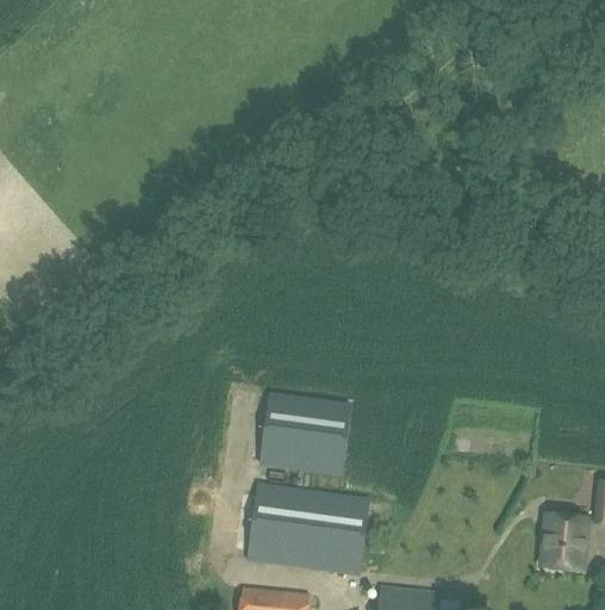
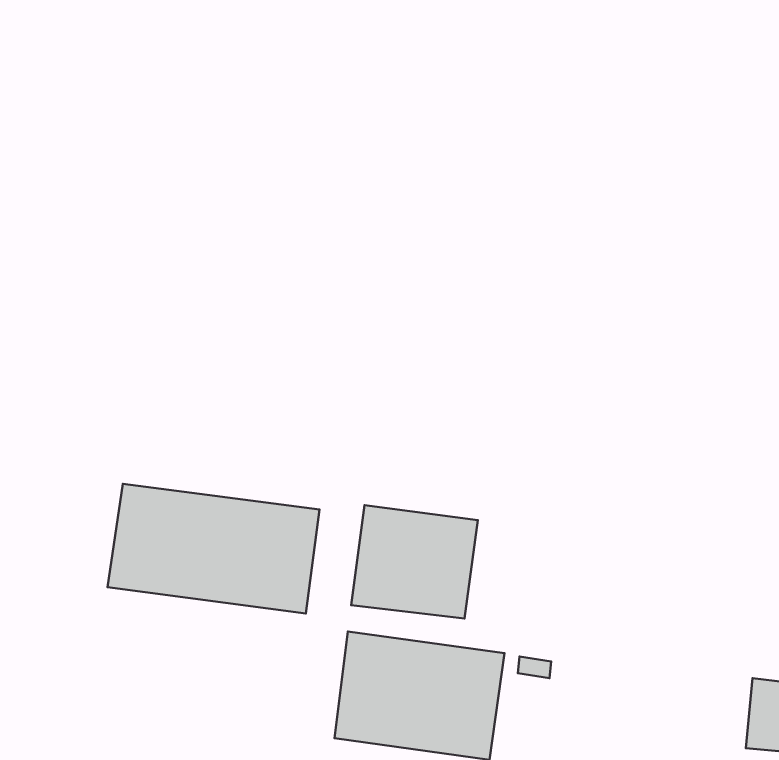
building: none -> [108,484,319,614]

